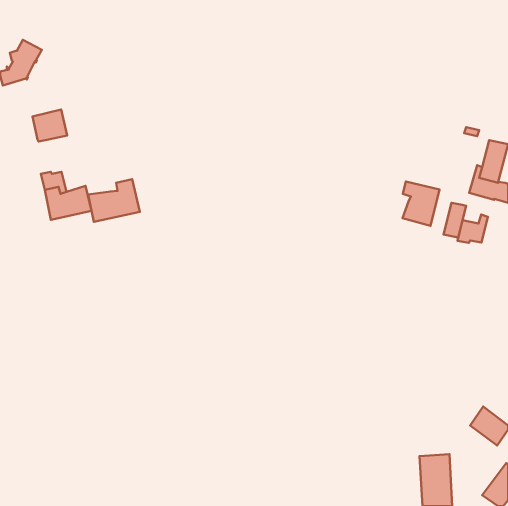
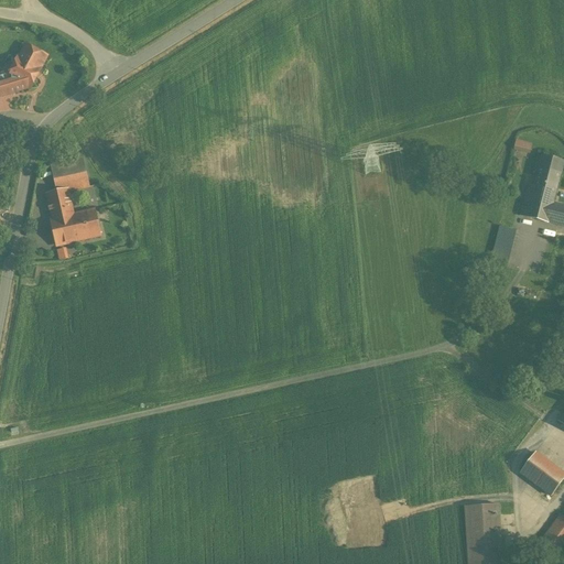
building: [32,110,67,141] -> [51,158,89,193]
building: [88,179,140,222] -> none
building: [402,182,440,226] -> none
building: [458,214,488,243] -> none

